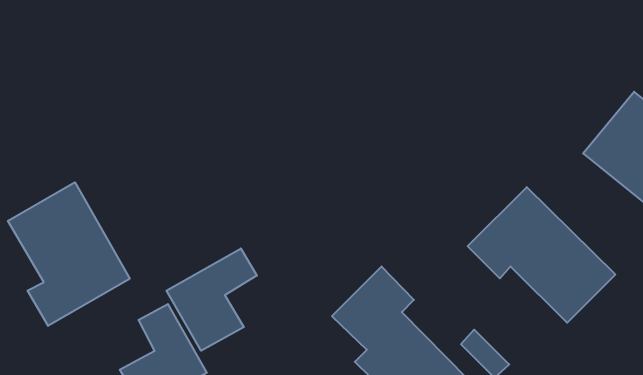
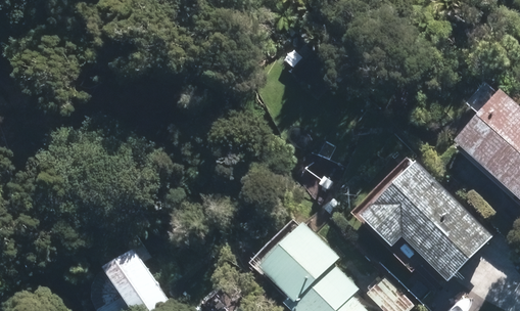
building: [8,182,130,326] -> none
building: [166,248,257,351] -> none

